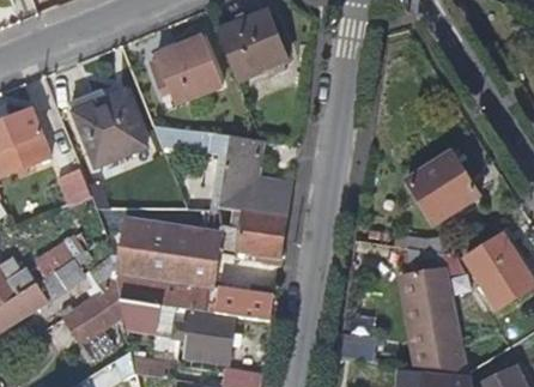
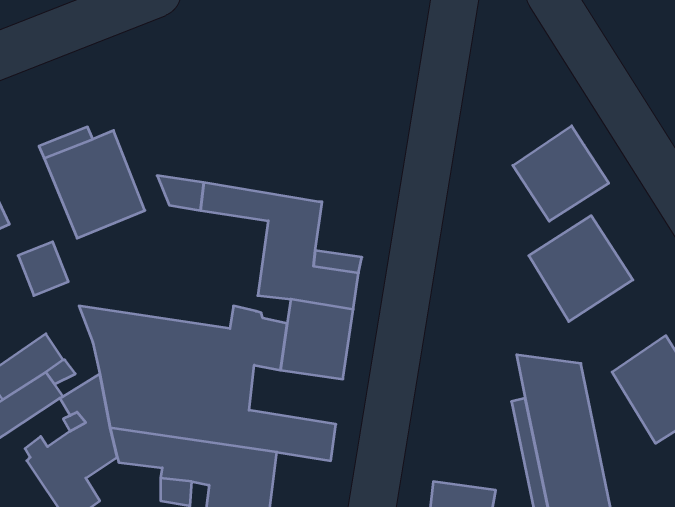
building: [217,10,285,79] -> none
building: [147,35,222,102] -> none
building: none -> [513,126,609,221]

